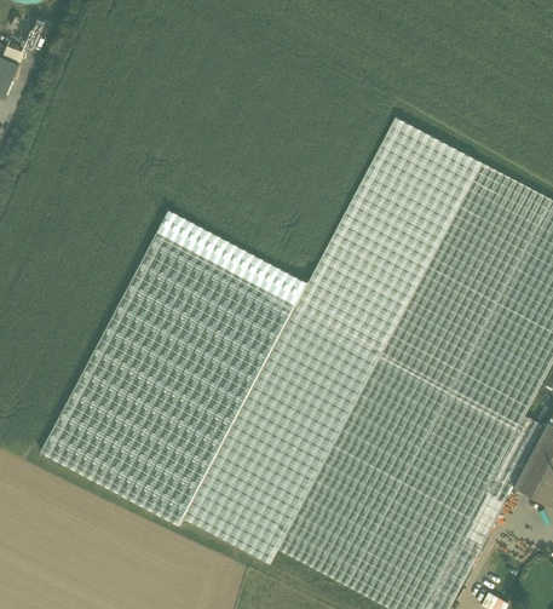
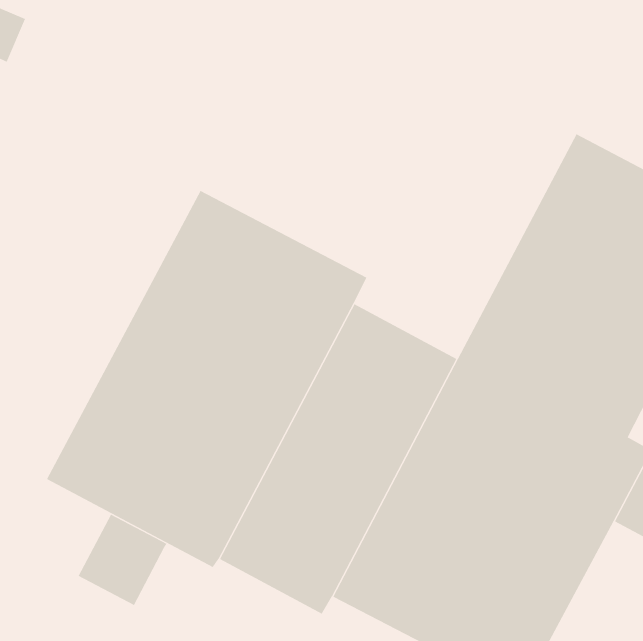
building: [296,117,482,351] -> none
building: none -> [78,514,167,606]

